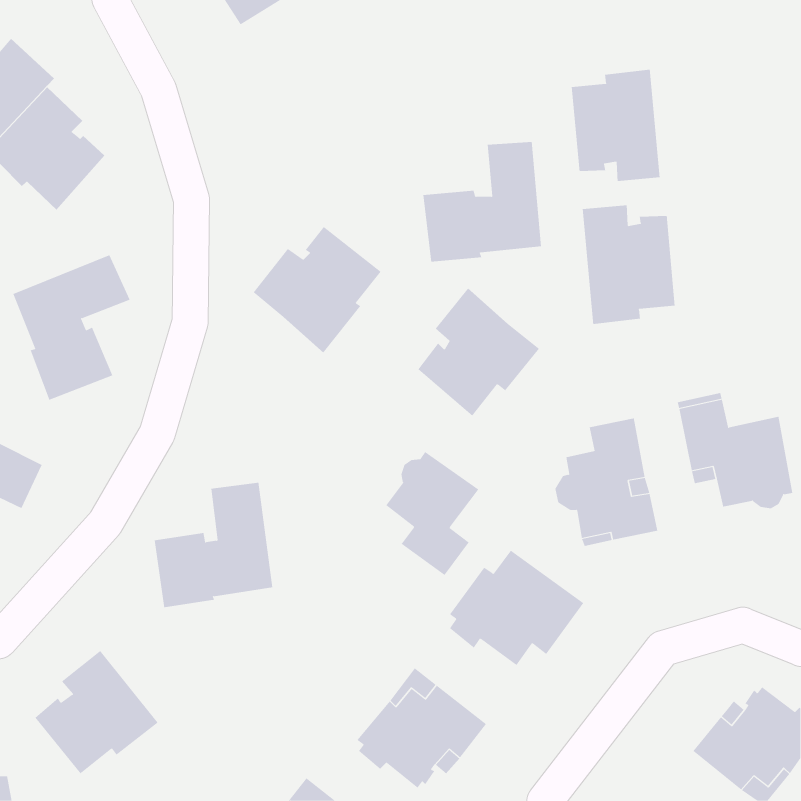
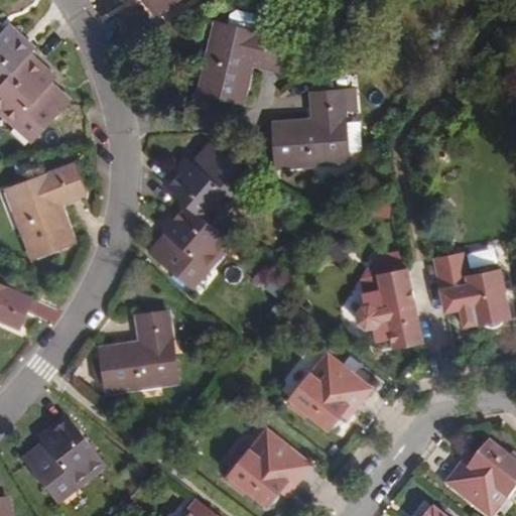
building: none -> [198,23,284,105]
building: [571,69,660,182] -> none
building: [582,204,675,325] -> none
building: [417,288,540,416] -> [149,204,228,286]
building: [386,451,479,576] -> none

